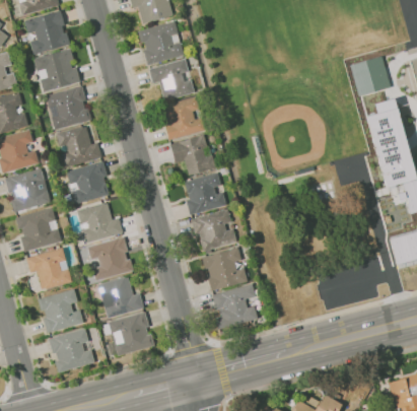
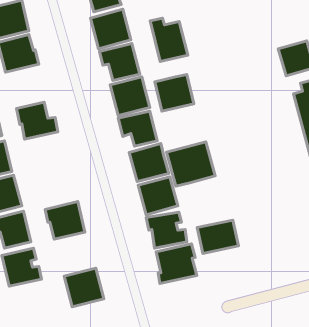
building: none -> [150,18,188,61]
building: [45,85,91,130] -> none
building: none -> [155,74,194,111]
building: [66,161,109,203] -> none
building: none -> [166,142,215,186]
building: [77,202,123,243] -> none
building: none -> [197,220,238,253]
building: [98,276,144,318] -> none
building: [49,328,94,372] -> none

